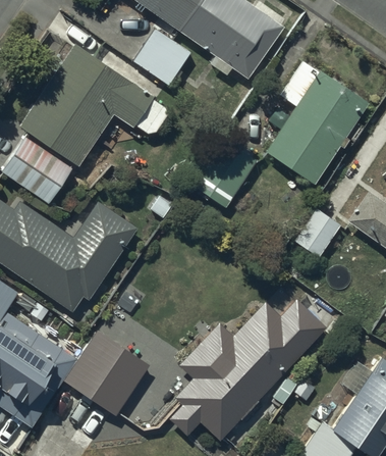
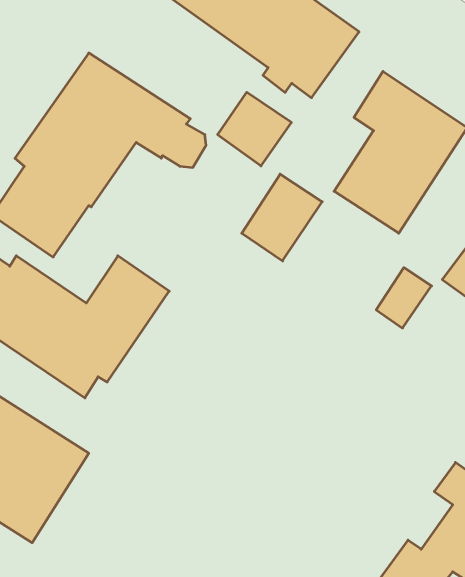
building: [134,29,191,86] -> [218,92,291,166]
building: [171,301,326,440] -> none
building: [64,330,150,415] -> none

